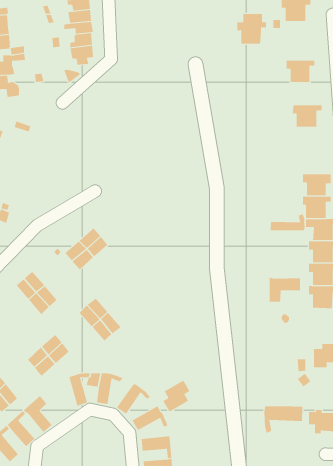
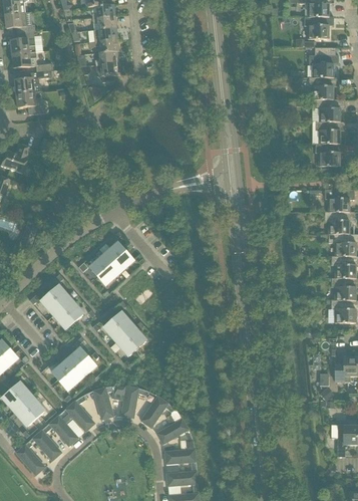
building: [236,14,267,44] -> [308,46,338,76]
building: none -> [315,98,344,120]
building: none -> [314,143,344,166]
building: [270,213,305,231] -> none
building: [269,277,301,302] -> none
building: [163,380,190,412] -> none
building: none -> [65,395,94,430]
building: [264,406,303,434] -> none

